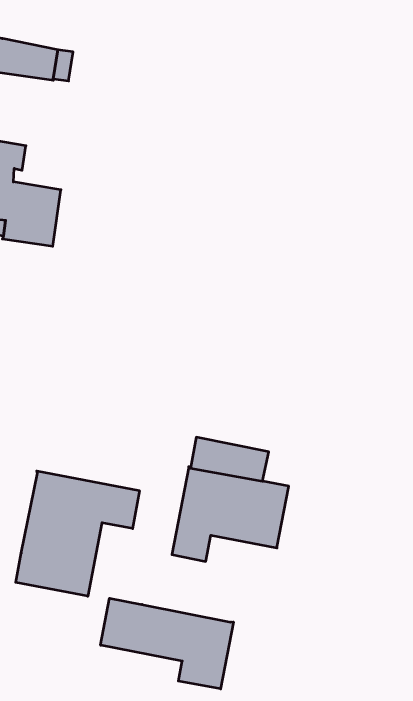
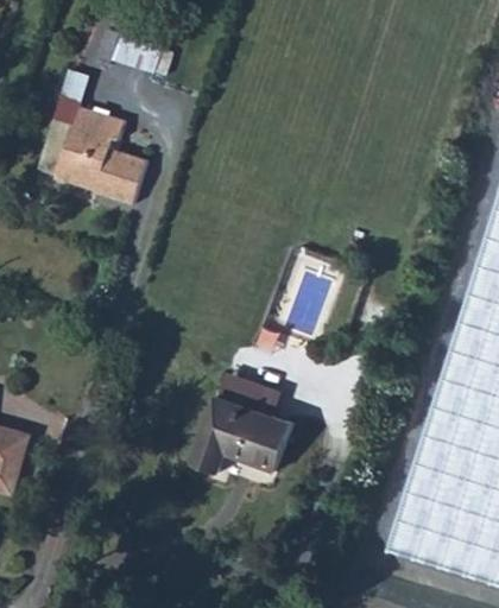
building: [16,471,139,596] -> none
building: [101,598,233,689] -> none

